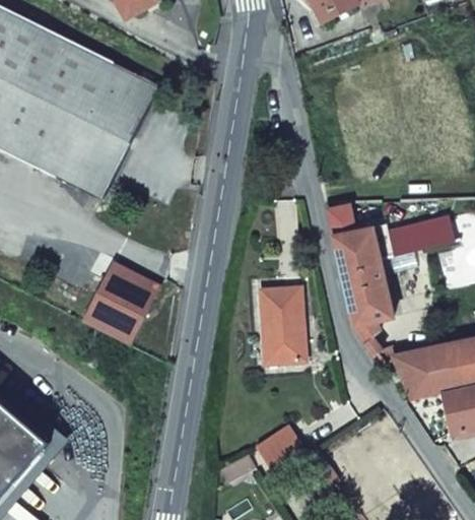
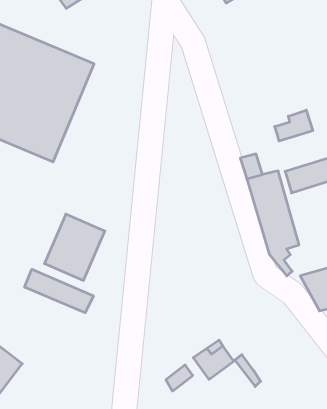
building: none -> [275,110,313,141]
building: [261,286,306,364] -> none
building: none -> [25,269,93,313]

